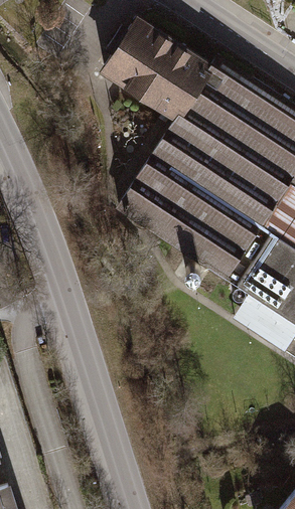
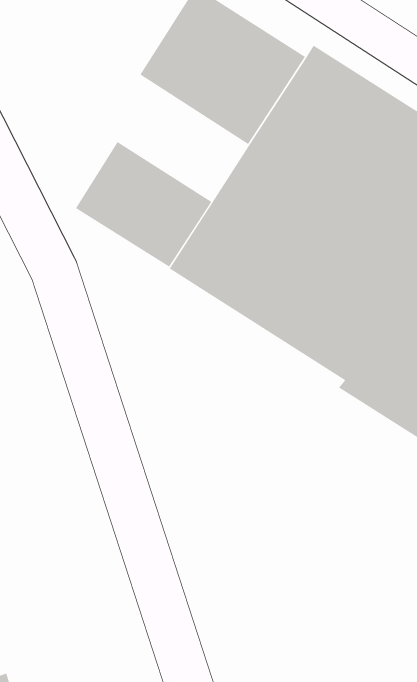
building: none -> [75,141,212,268]

